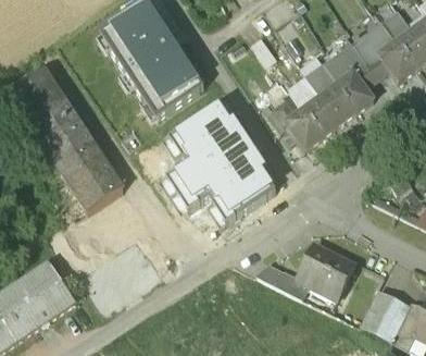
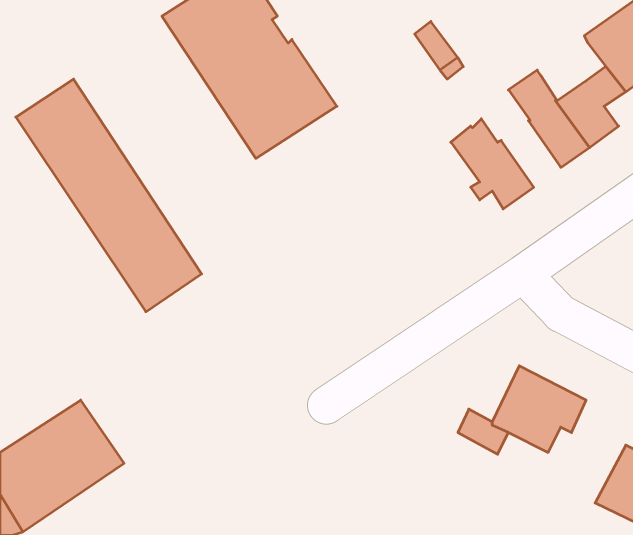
building: [327,49,366,84] -> none
building: [289,85,339,136] -> none
building: [168,106,274,220] -> none

